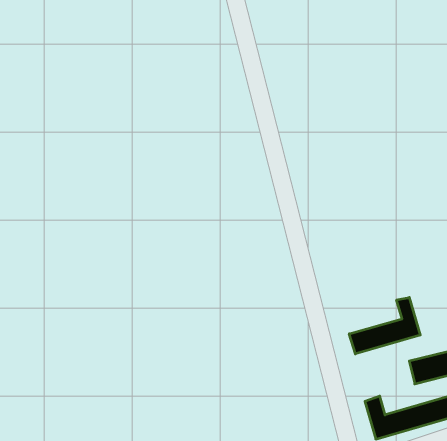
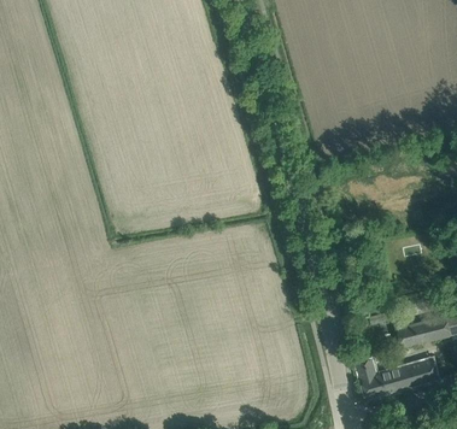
building: [349,297,420,354] -> none

